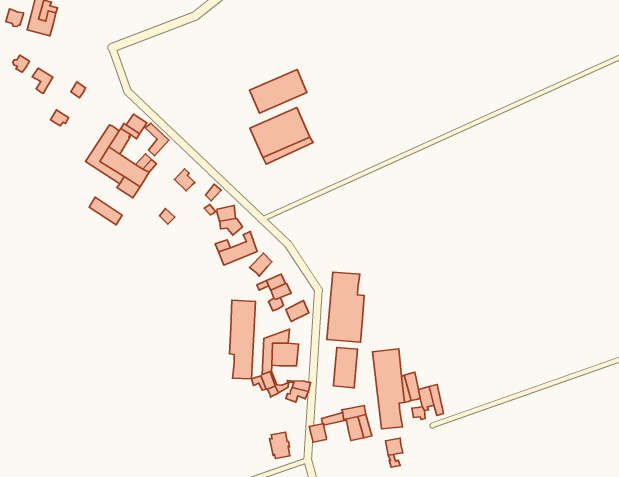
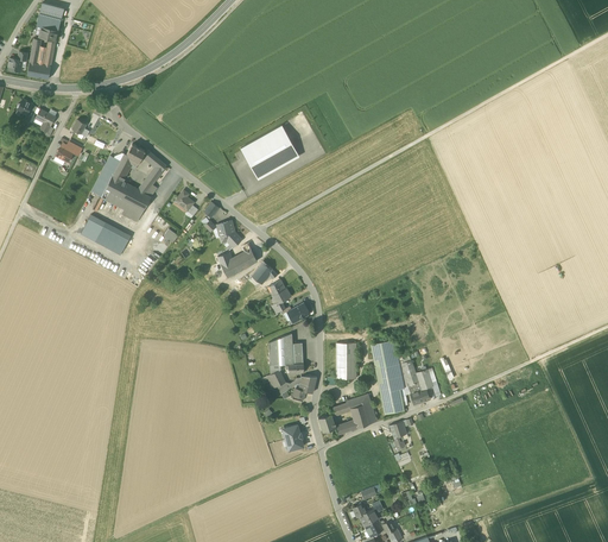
building: [250,70,307,113] -> none
building: none -> [81,215,125,256]
building: [327,272,364,342] -> none
building: [229,300,256,379] -> none

